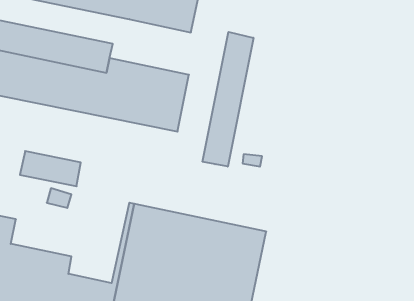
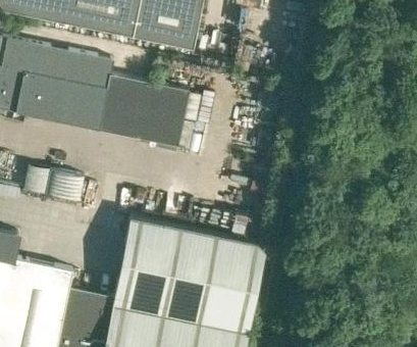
building: [203,32,253,167] -> none

